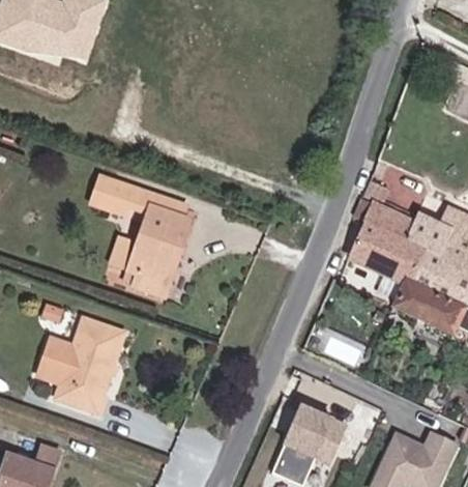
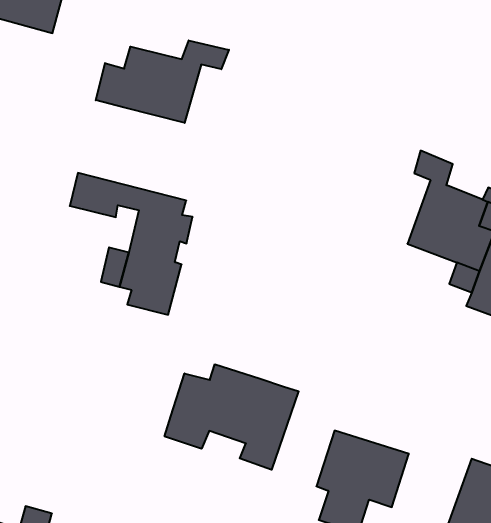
building: none -> [96,40,229,123]
building: [37,323,124,419] -> none
building: none -> [165,364,299,470]

